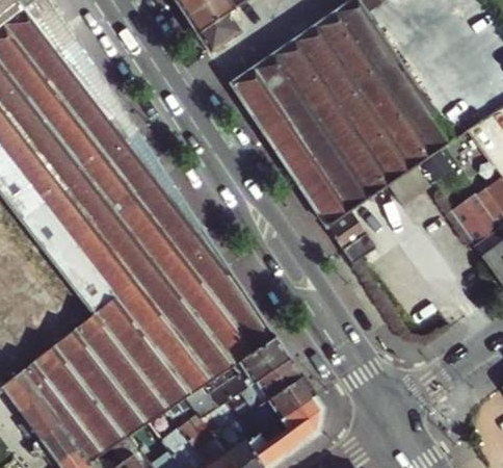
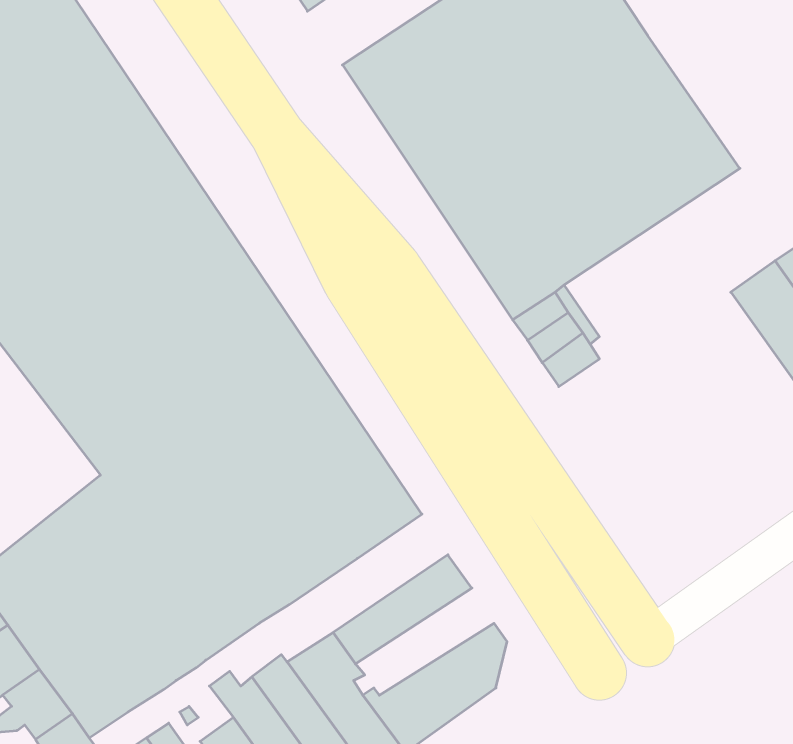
building: [182,336,288,419] -> none
building: [235,378,314,438] -> none

